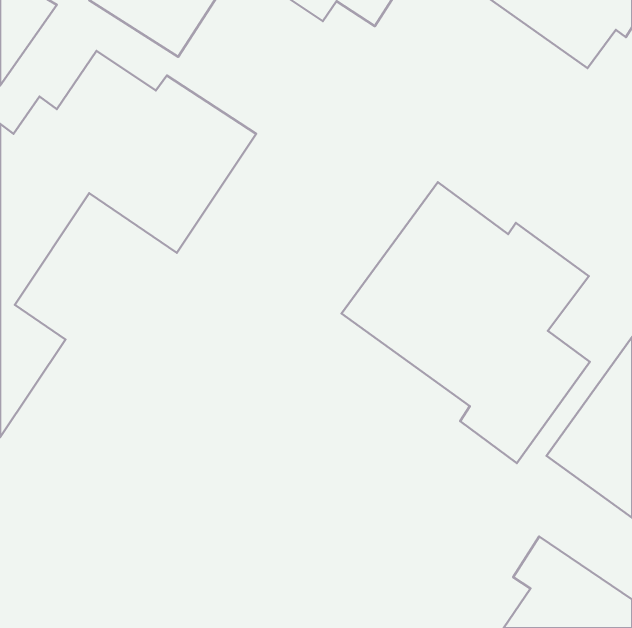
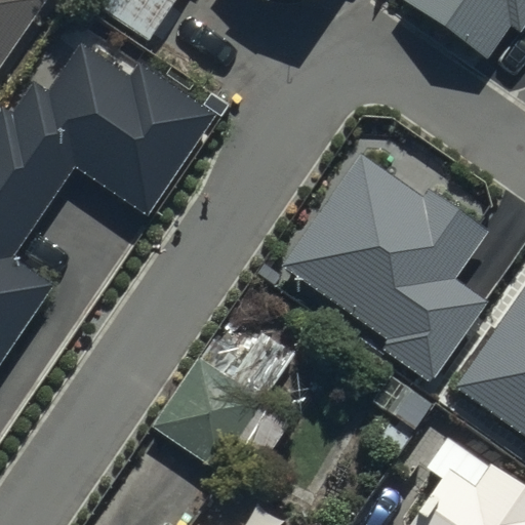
building: none -> [149,336,293,481]

